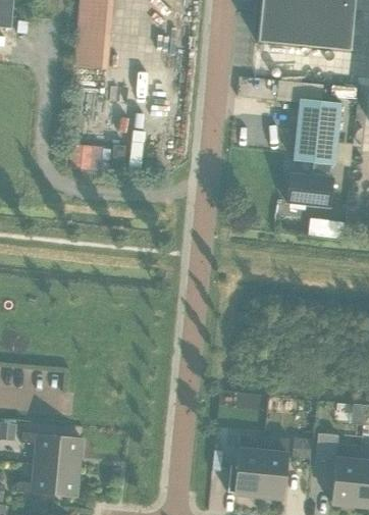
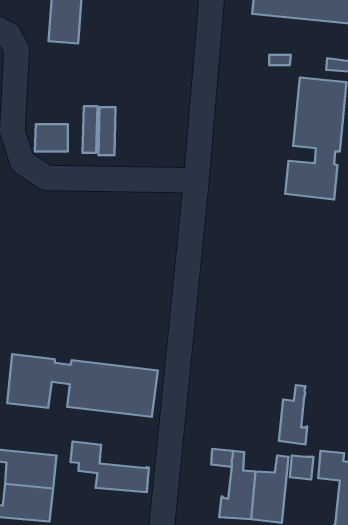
building: none -> [7,354,158,417]
building: none -> [279,385,307,444]
building: none -> [70,442,149,492]

